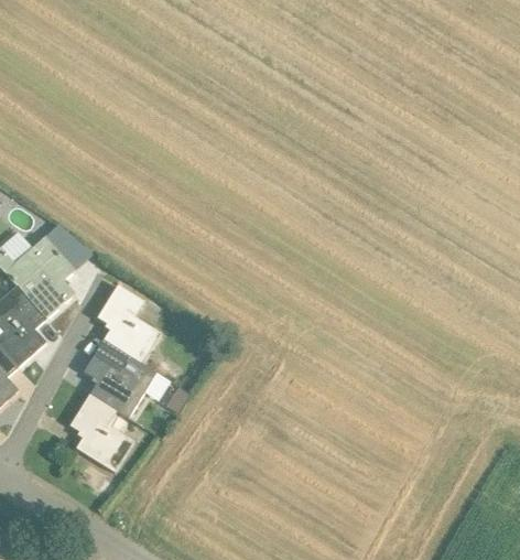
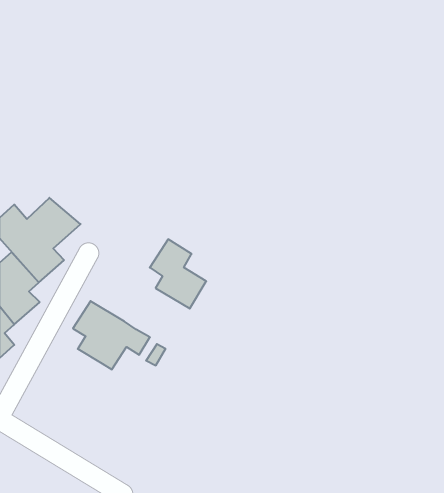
building: [96,286,160,364] -> [150,239,206,309]
building: [69,395,132,472] -> none

